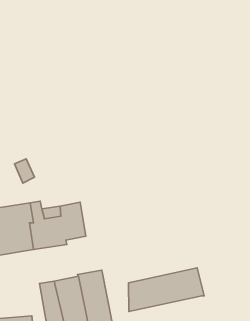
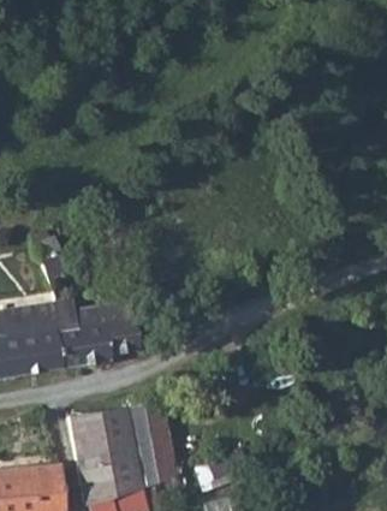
building: [128,268,204,312] -> none

